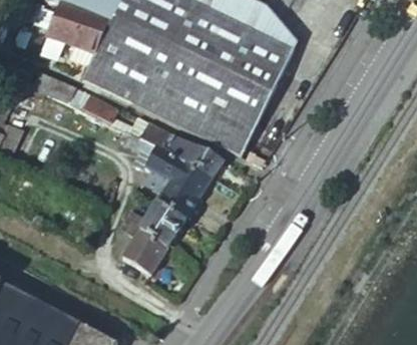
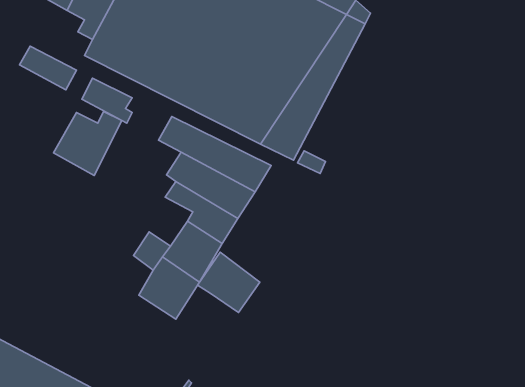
building: none -> [54,111,122,176]
building: none -> [197,252,260,312]

